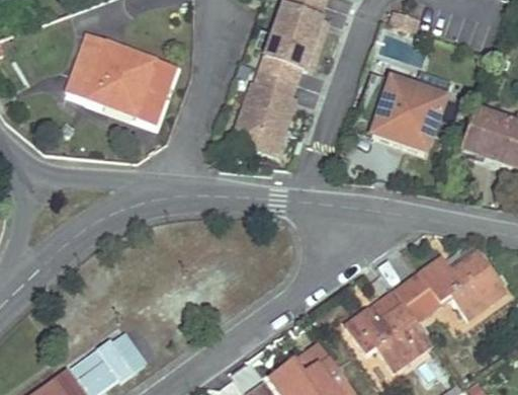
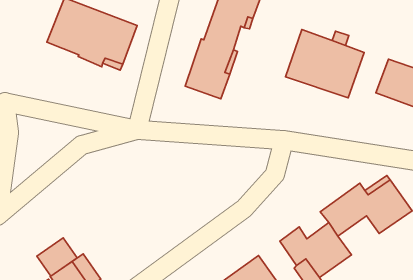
building: none -> [37,238,77,276]

